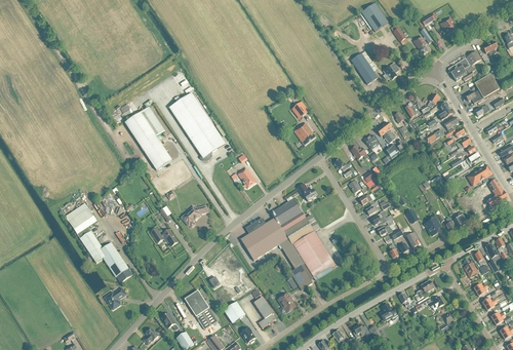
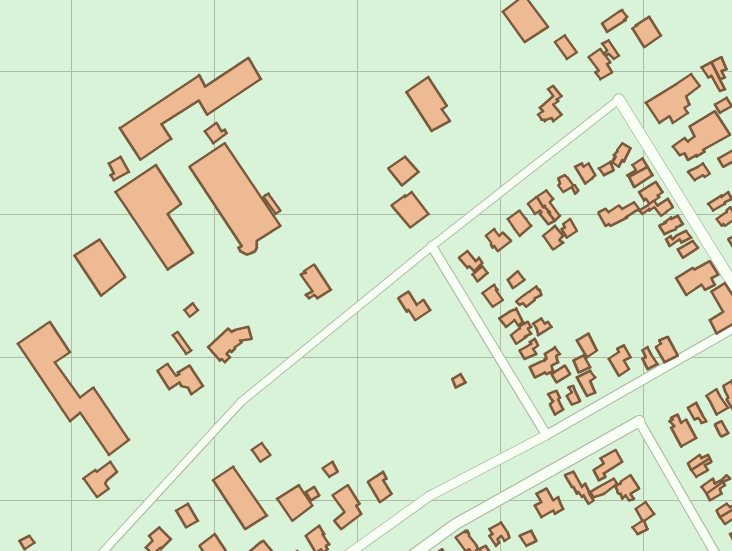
building: none -> [120,58,261,160]
building: [351,50,378,83] -> [406,77,450,131]
building: none -> [74,240,125,296]
building: [240,198,333,288] -> none

